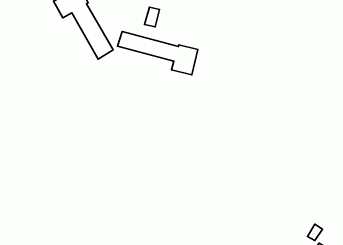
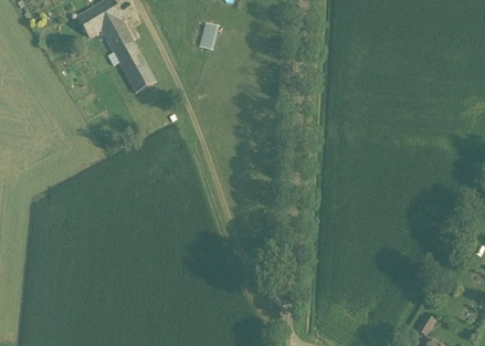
building: [117,32,198,75] -> none

